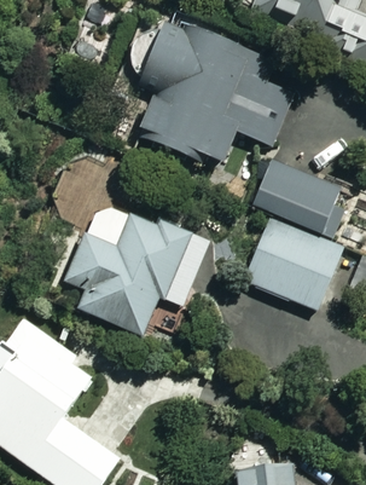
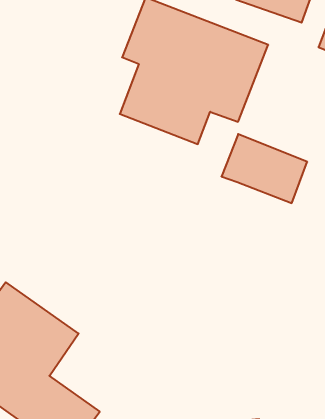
building: [64,202,190,336] -> none
building: [240,209,349,308] -> none

